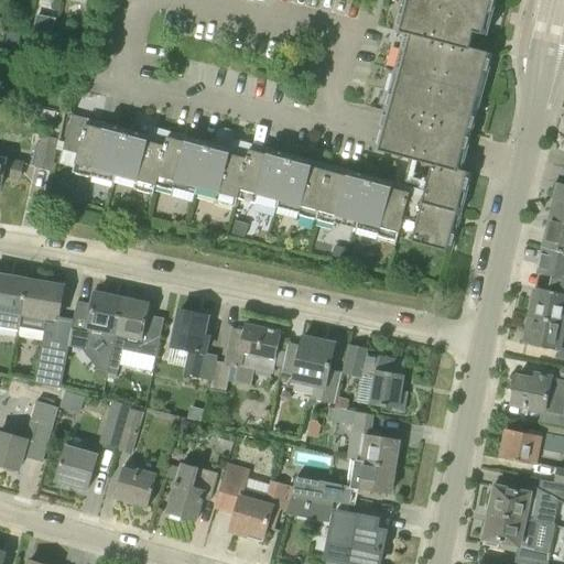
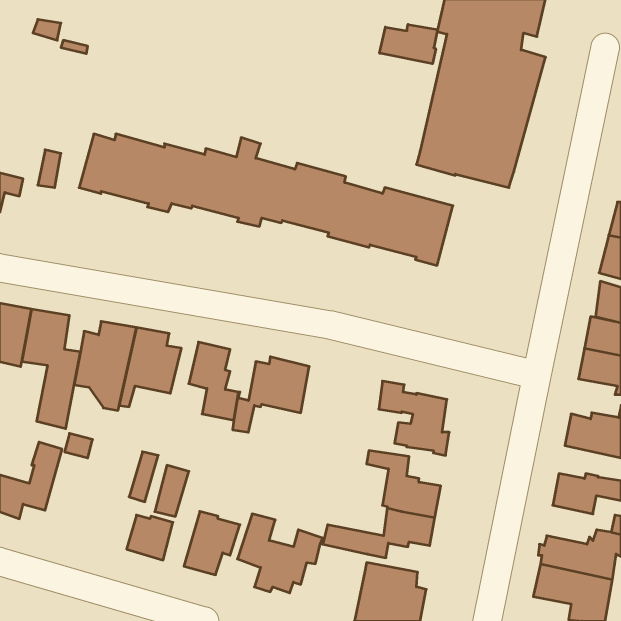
building: none -> [380,24,438,64]
building: [409,158,471,251] -> none
building: [279,336,341,403] -> none
building: [98,403,129,449] -> [155,465,189,516]
building: [55,444,97,489] -> none
building: [284,492,333,518] -> none

